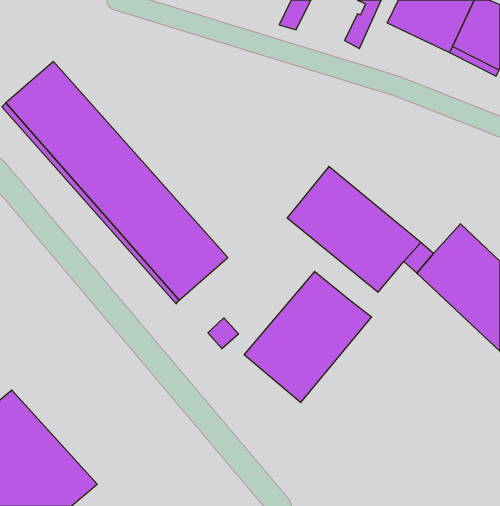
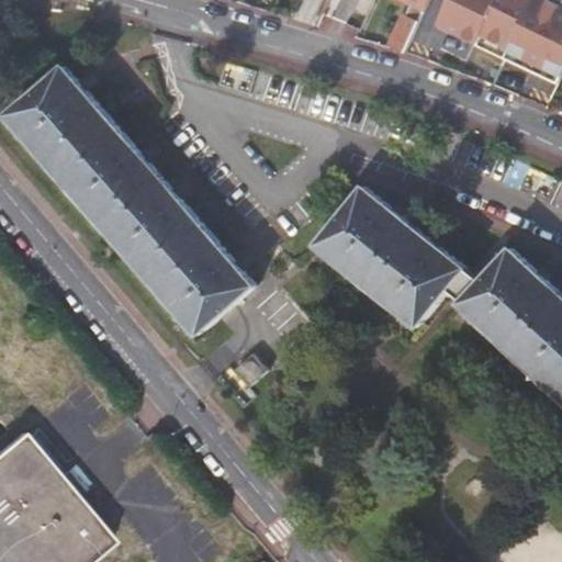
building: [244,271,372,403] -> none

